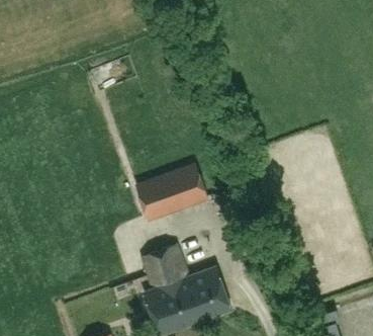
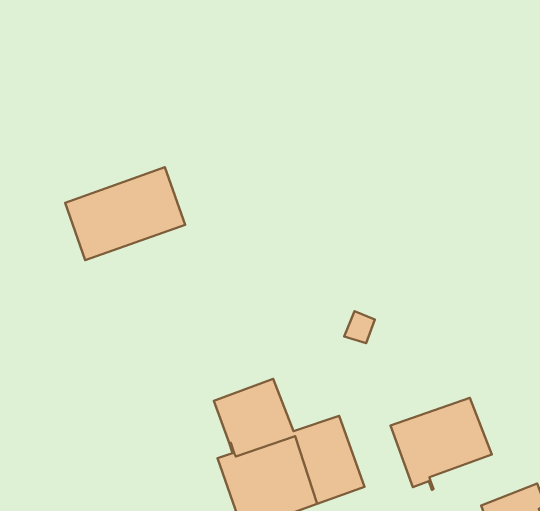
building: [136,164,208,220] -> [65,167,185,260]
building: none -> [390,398,492,490]

